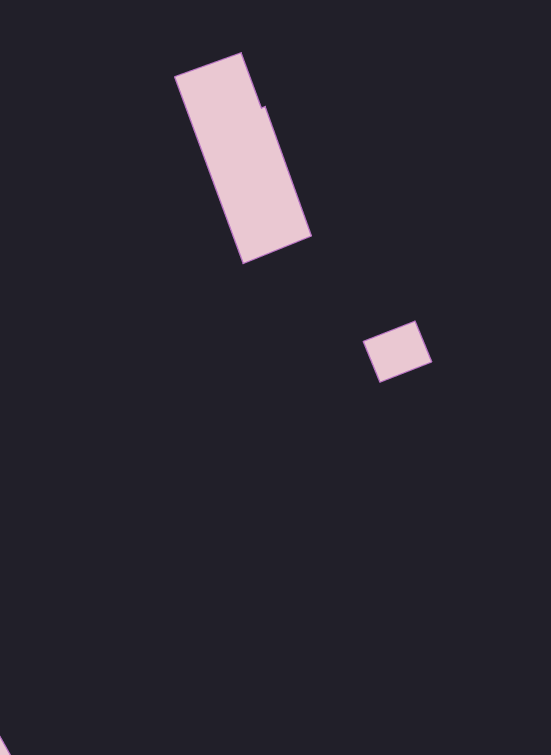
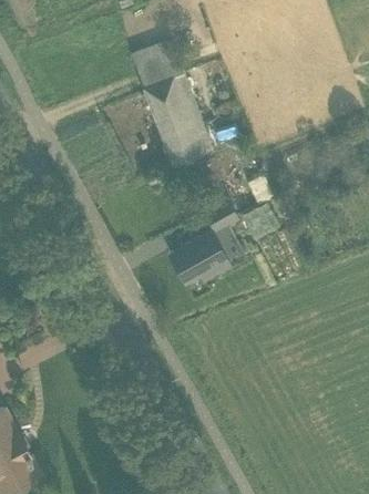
building: none -> [168,200,244,281]

